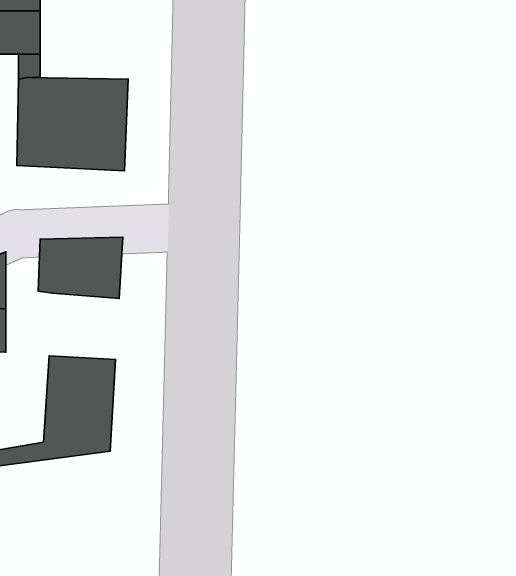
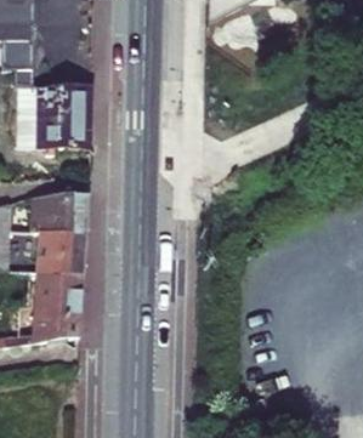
building: none -> [38,229,85,274]

